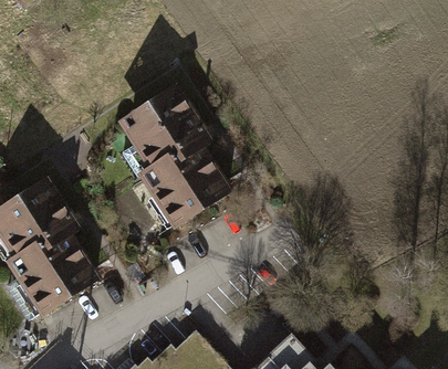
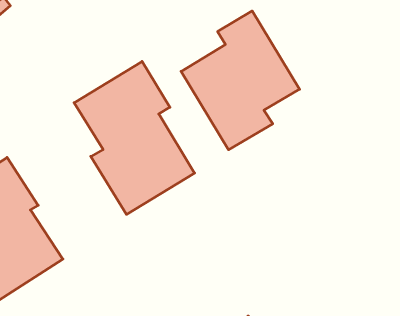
building: none -> [181,11,300,150]

